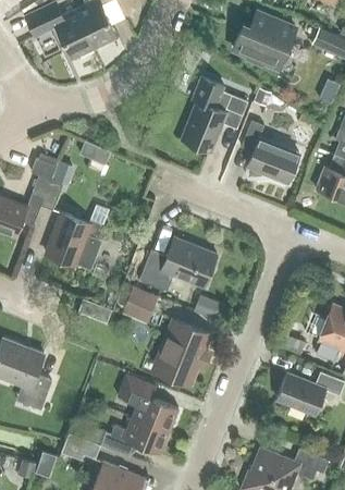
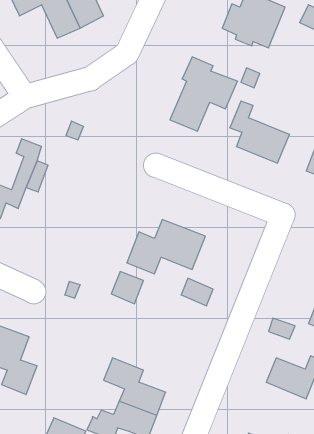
building: [46,212,100,268] -> none
building: [155,319,208,383] -> none

